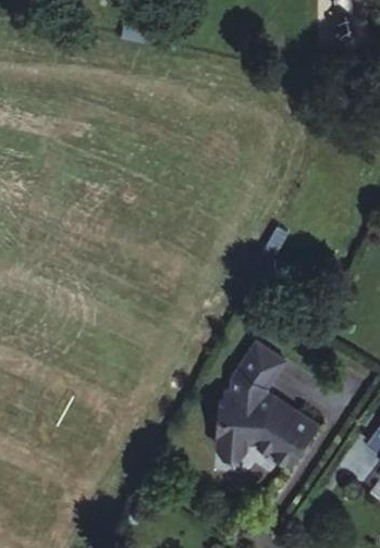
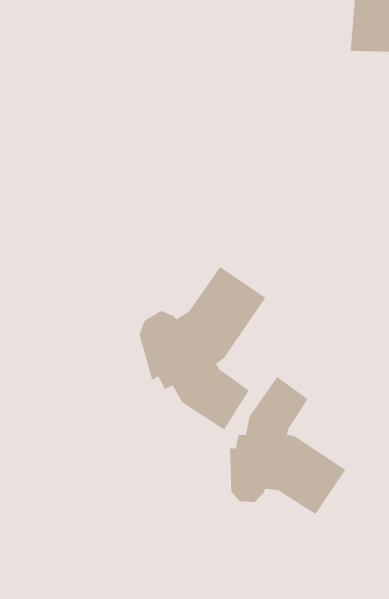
building: none -> [139,266,266,431]

